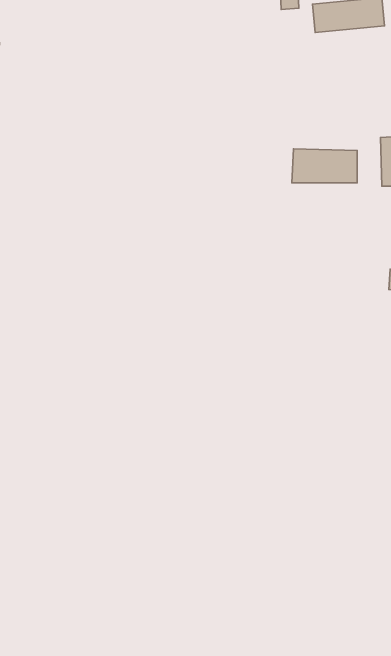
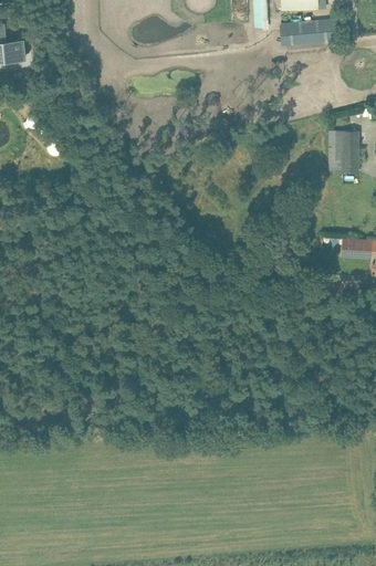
building: [292,149,357,183] -> none

